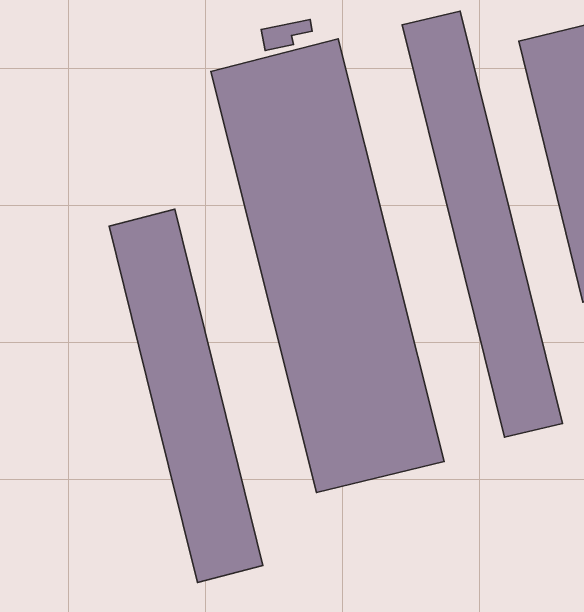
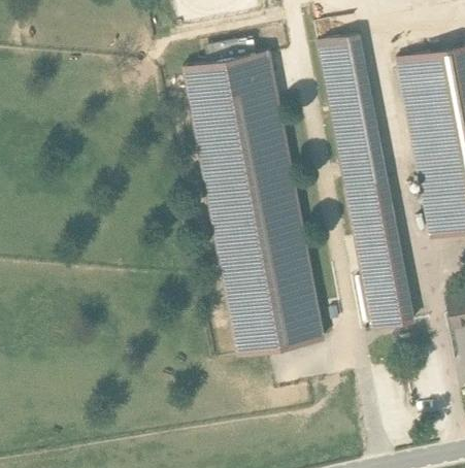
building: [109,209,263,582] -> none

